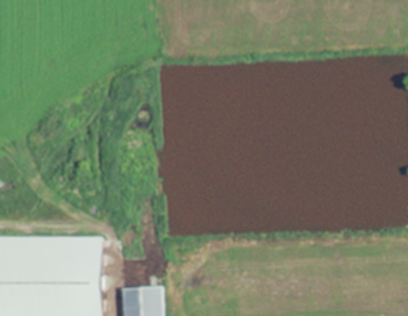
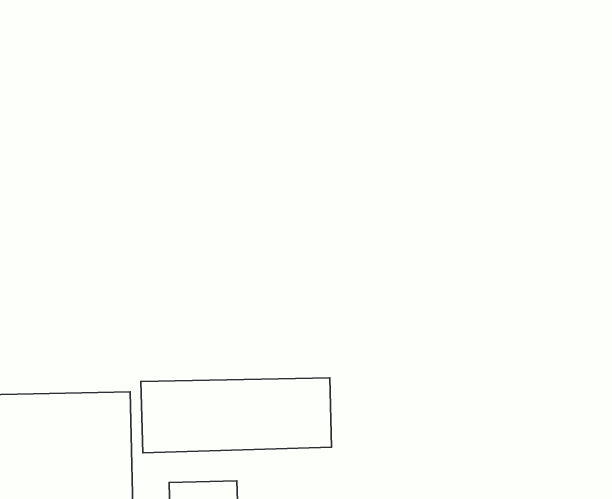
building: none -> [141,378,332,453]

